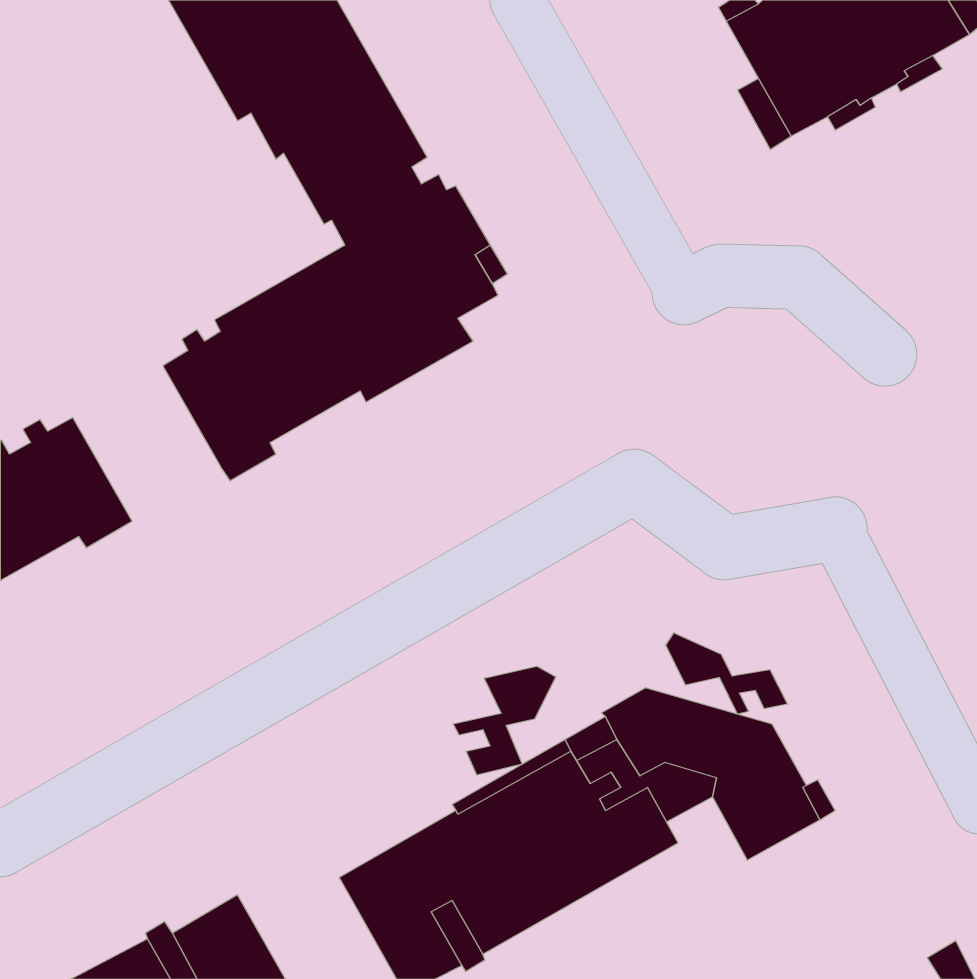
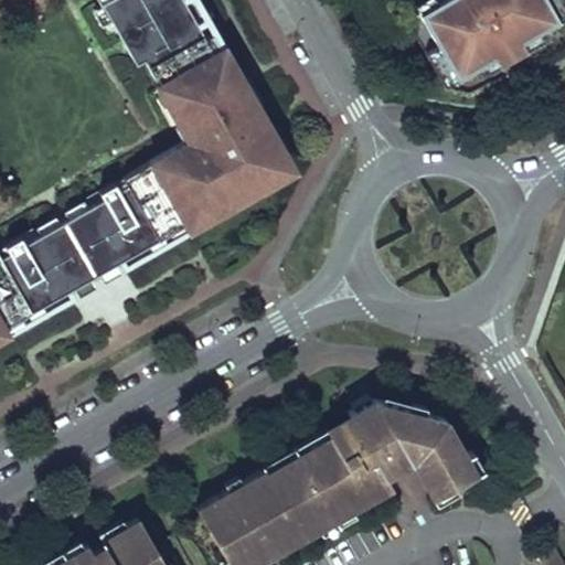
building: none -> [43,211,129,300]
building: [666,633,788,714] -> none
building: [453,666,556,775] -> none

